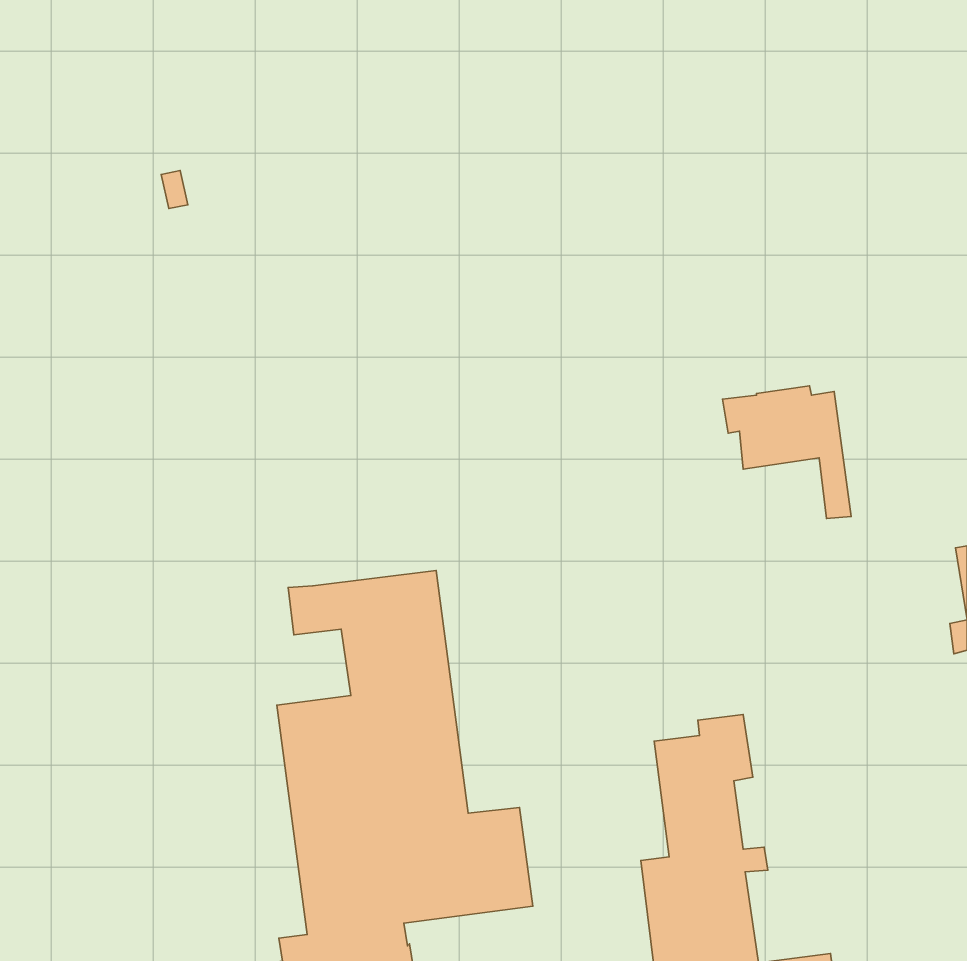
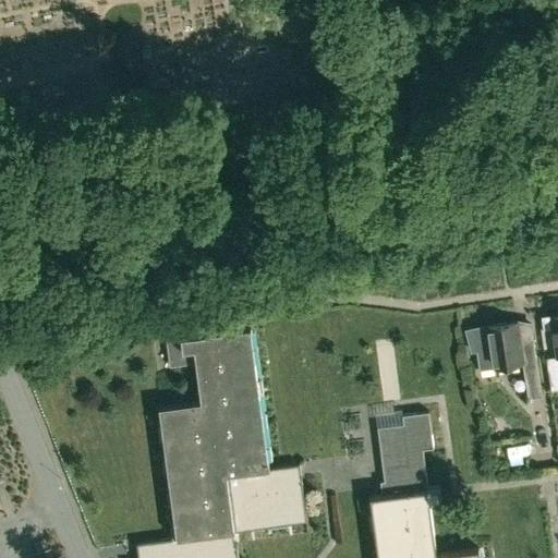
building: [722,386,851,518] -> [466,325,541,401]

